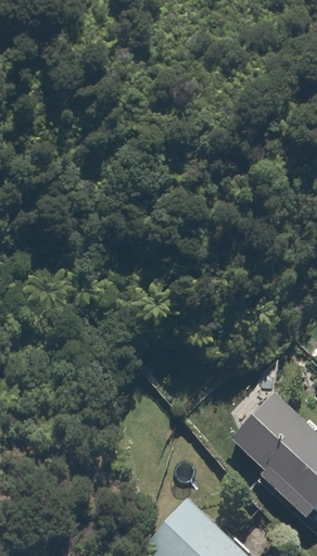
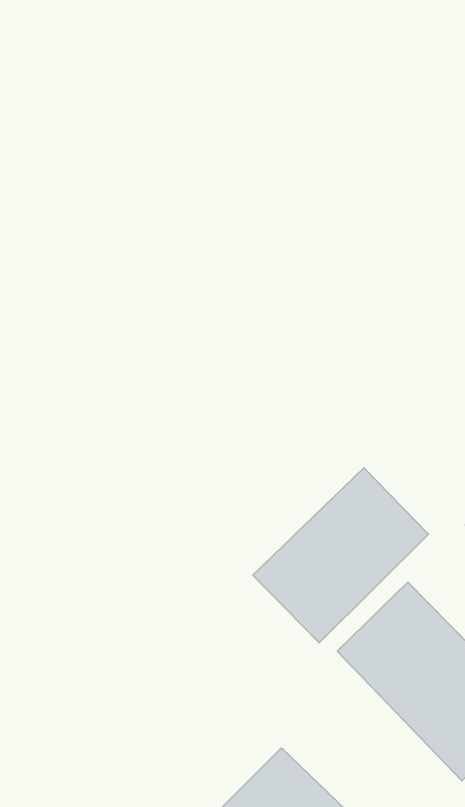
building: none -> [253,468,429,643]

